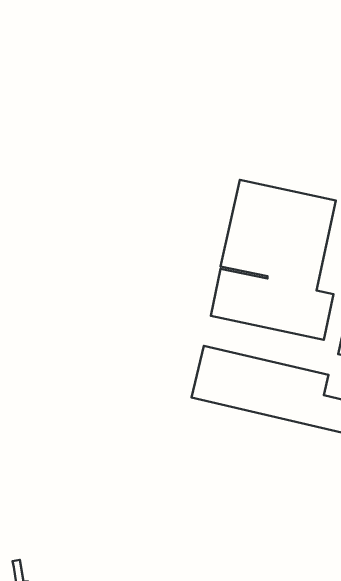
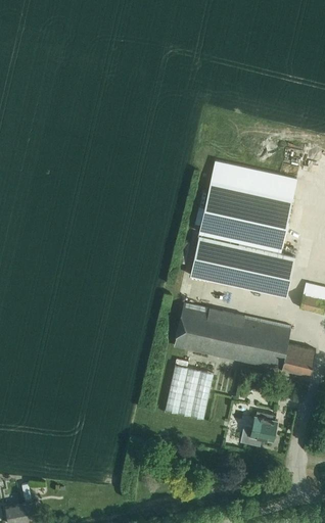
building: none -> [165,366,213,420]
building: none -> [240,413,277,446]

